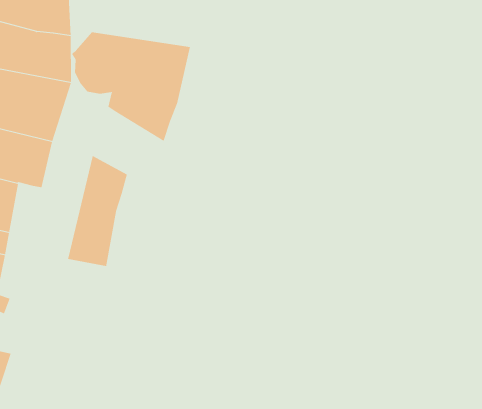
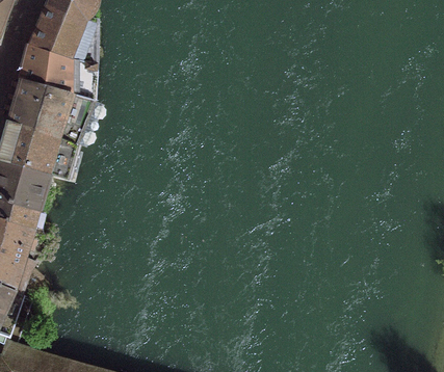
building: [72,31,191,142] -> none
building: [67,155,127,267] -> none

